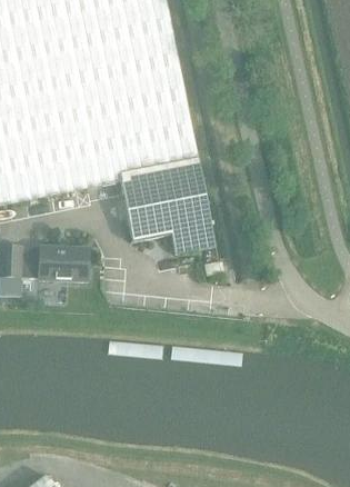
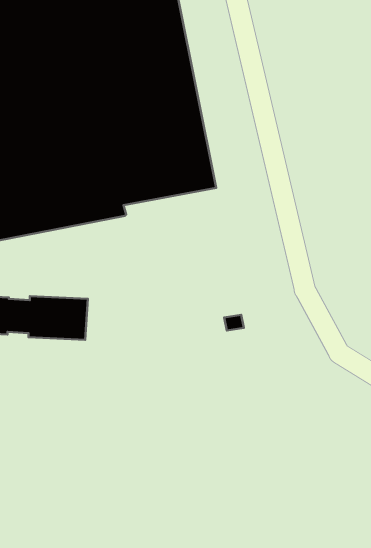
building: [119,159,216,257] -> none

